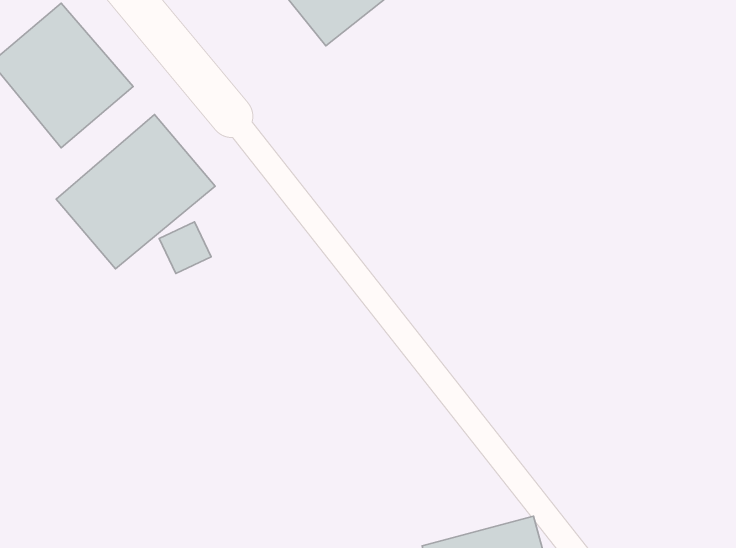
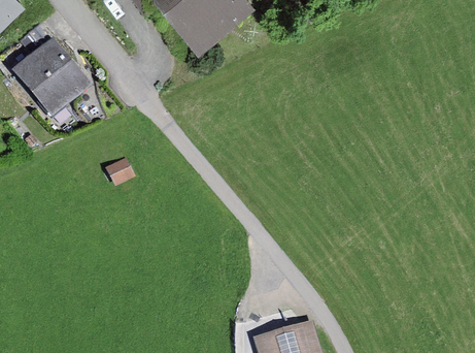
building: [56,114,215,269] -> none

